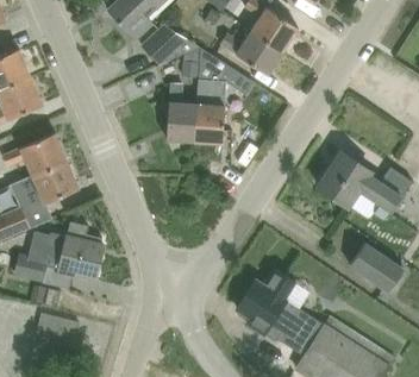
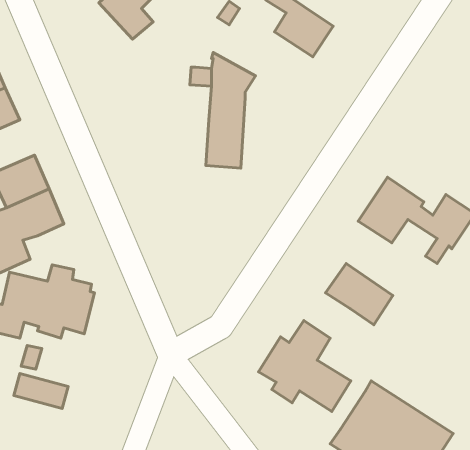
building: [142,26,196,65] -> none
building: [219,33,281,75] -> none
building: [167,83,196,142] -> none
building: [349,243,404,293] -> [326,263,393,325]

